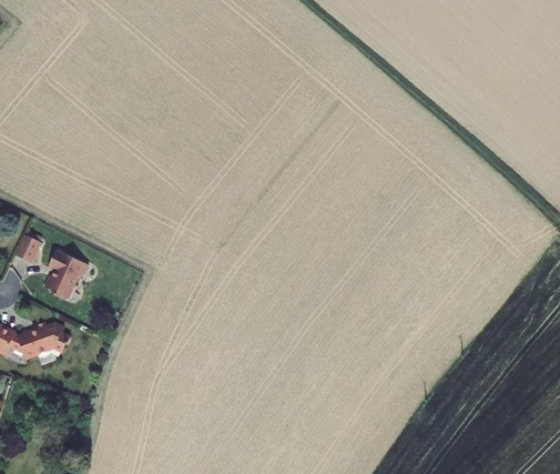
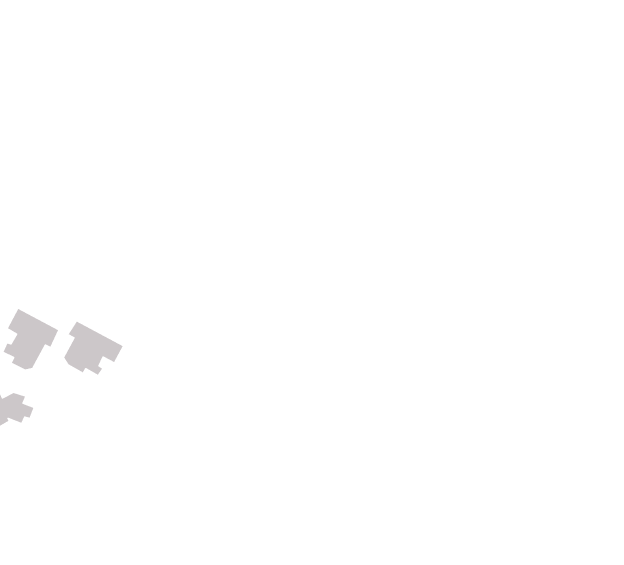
building: none -> [63,321,124,376]

